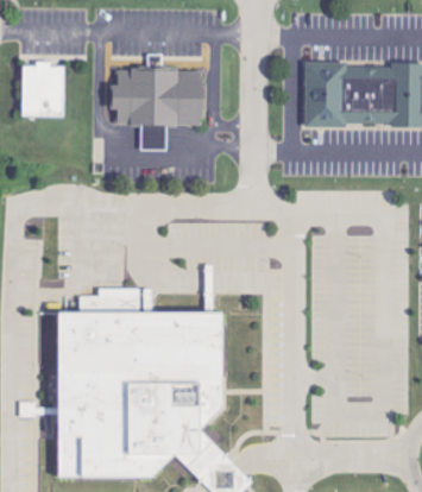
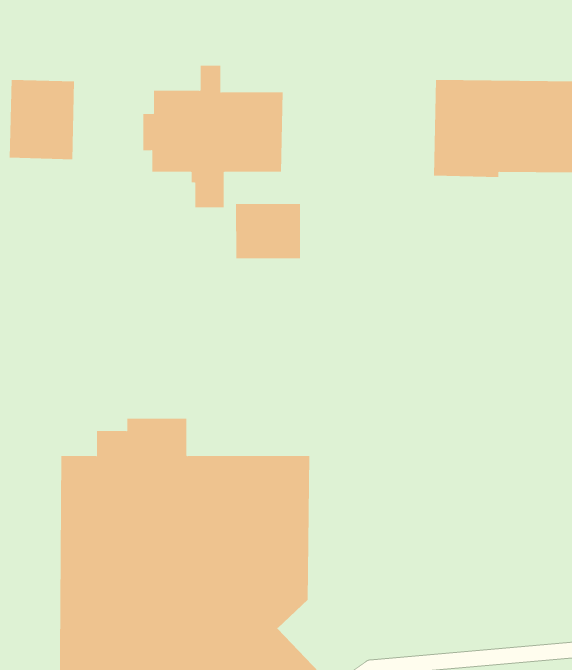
building: none -> [235,203,301,259]

